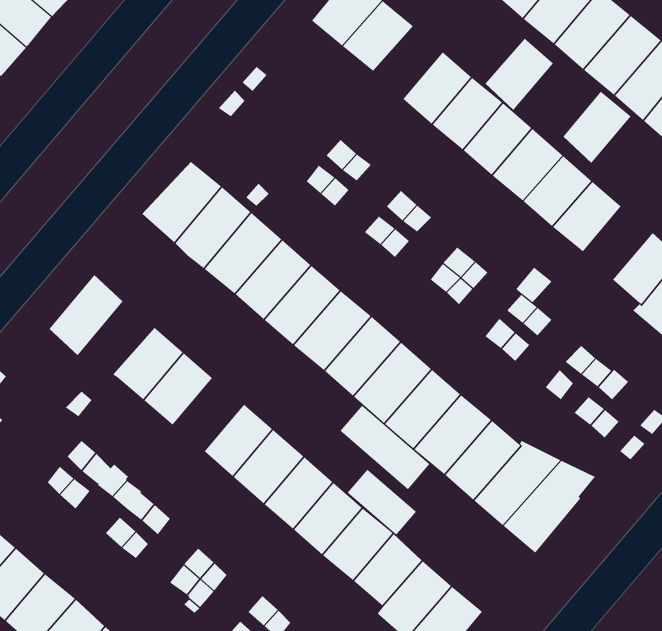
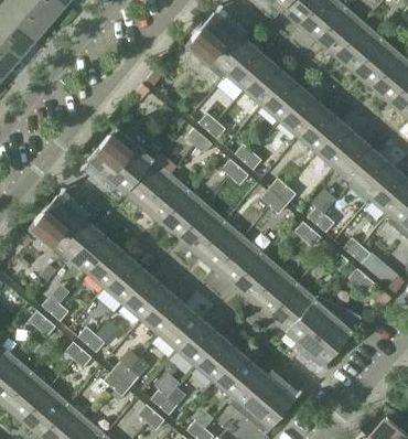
building: [484,38,554,111] -> [227,45,269,89]
building: [562,91,632,164] -> [354,154,396,199]
building: none -> [49,212,95,263]
building: none -> [106,258,149,302]
building: [340,405,430,490] -> none
building: [347,469,417,536] -> none

